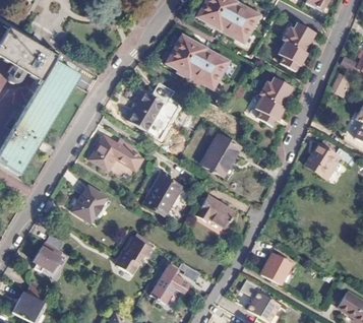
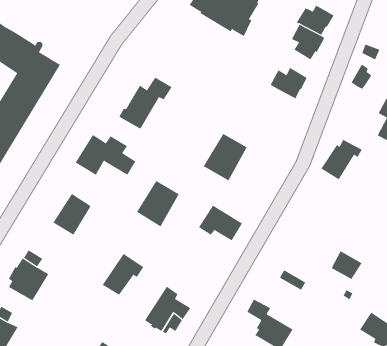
building: [168,36,228,88] -> none
building: [256,94,286,125] -> none
building: [260,259,288,284] -> [331,250,362,280]

